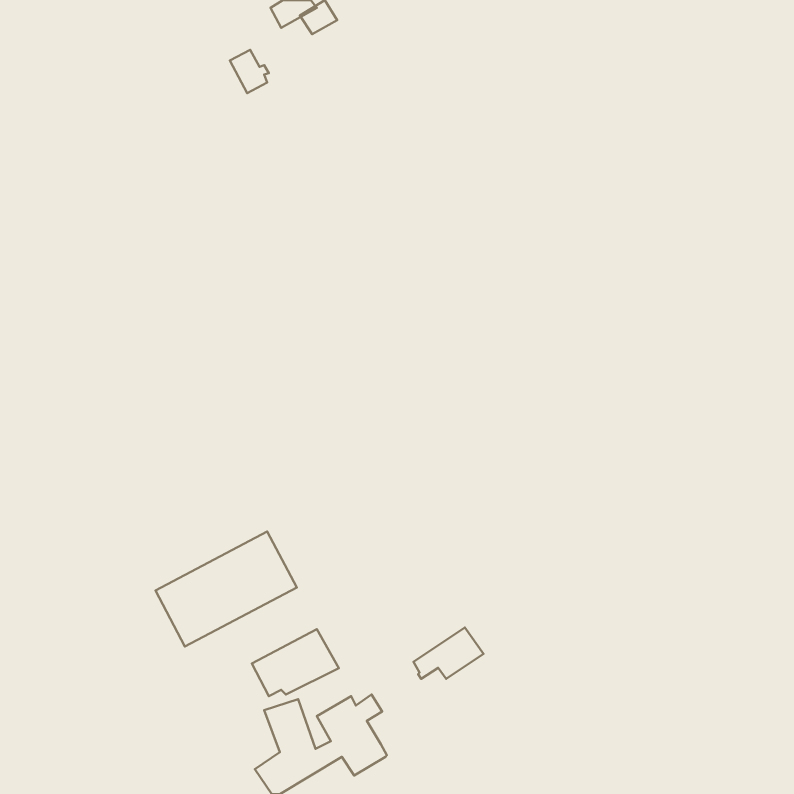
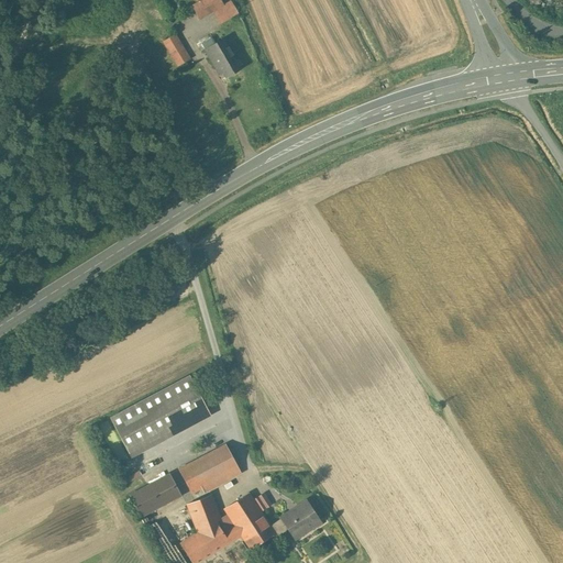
building: none -> [203,40,236,75]
building: [413,628,483,679] -> [269,503,319,539]
building: none -> [128,474,180,517]

